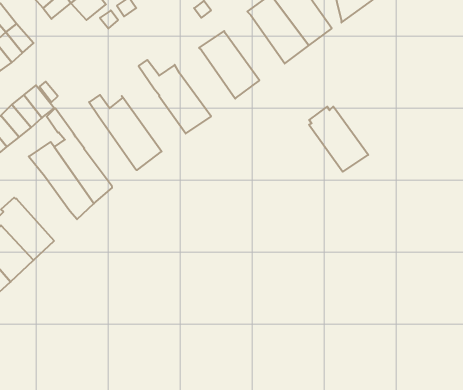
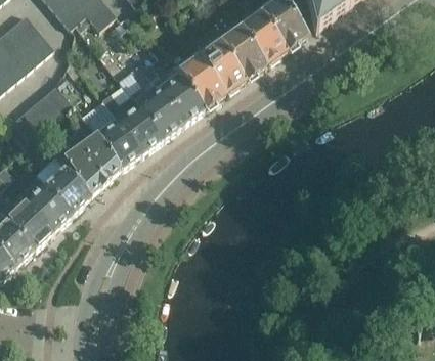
building: none -> [173,56,224,112]
building: none -> [128,65,182,142]
building: none -> [81,103,140,172]
building: [309,107,368,172] -> [216,27,266,82]
building: none -> [39,166,90,218]

